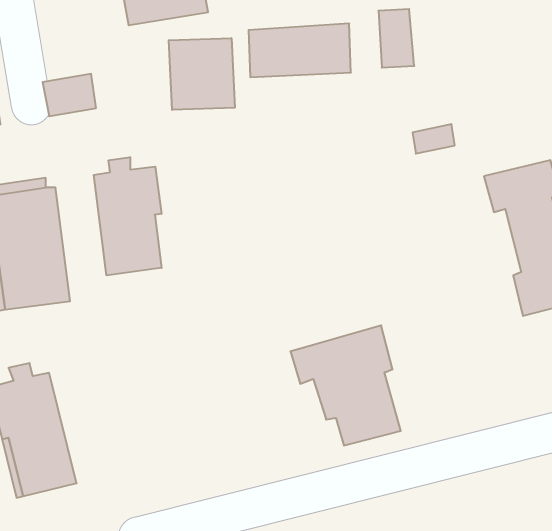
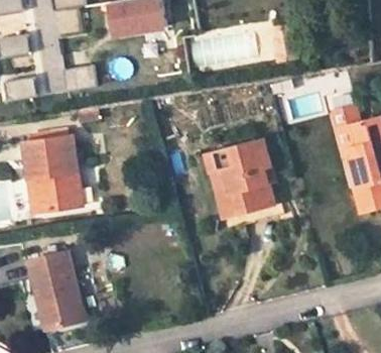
building: [169,38,235,110] -> none
building: [94,157,162,275] -> none
building: [290,325,401,446] -> [210,140,278,215]

